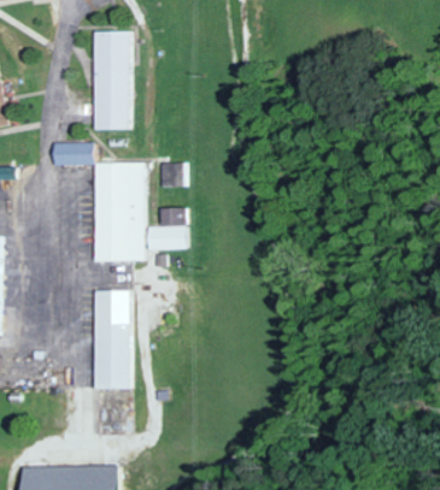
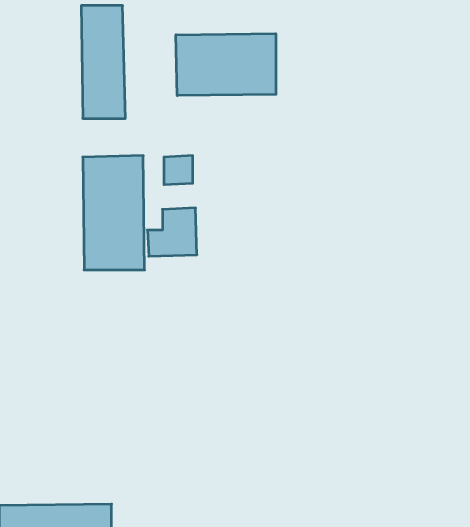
building: none -> [176,34,276,96]
building: [51,141,94,165] -> none
building: [94,290,133,389] -> none

